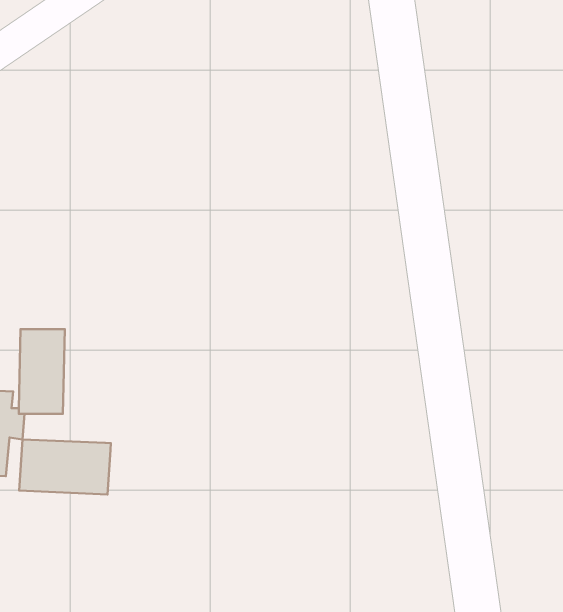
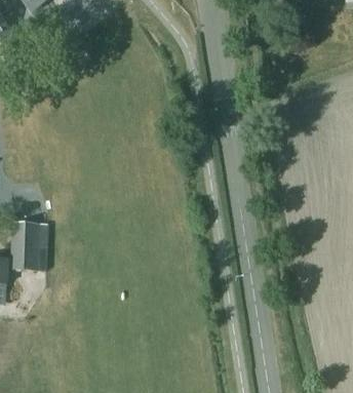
building: [19,439,111,494] -> none

